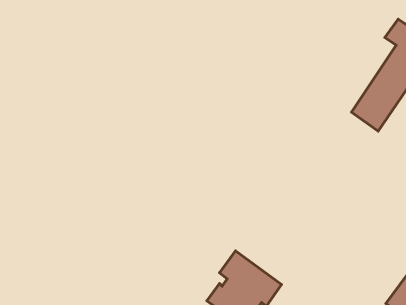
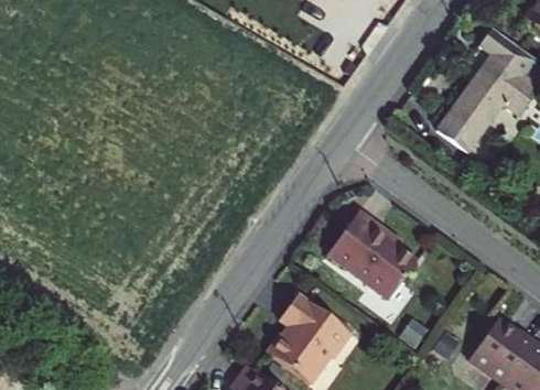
building: none -> [328,213,418,299]

